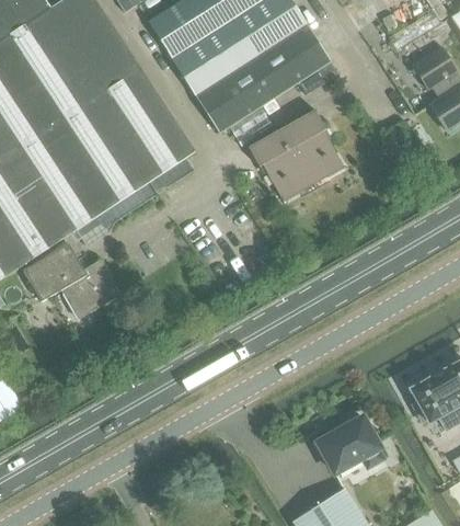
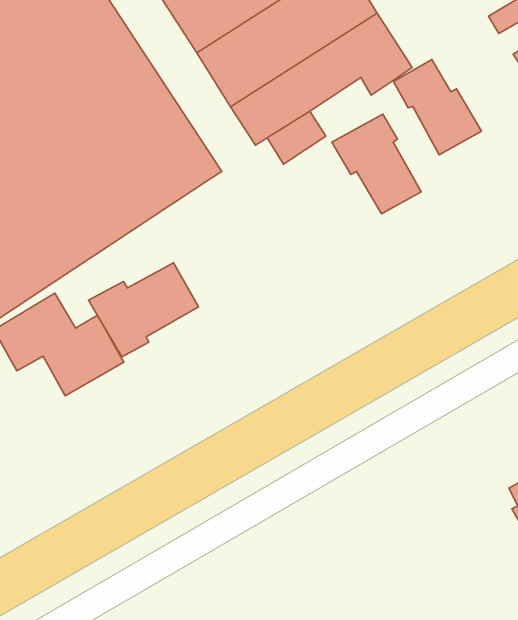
building: [249,129,314,201] -> [394,59,482,155]
building: none -> [89,263,199,357]
building: [318,416,386,472] -> none

